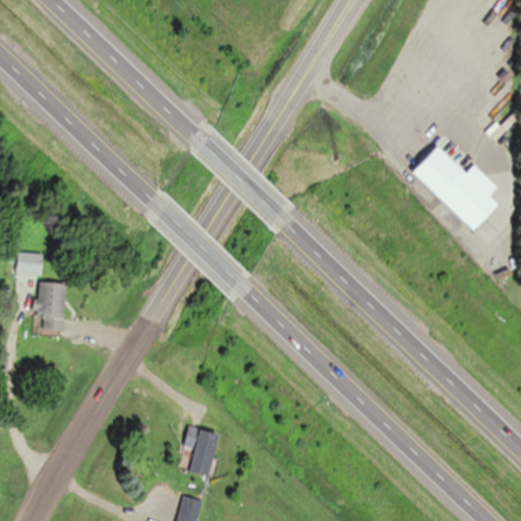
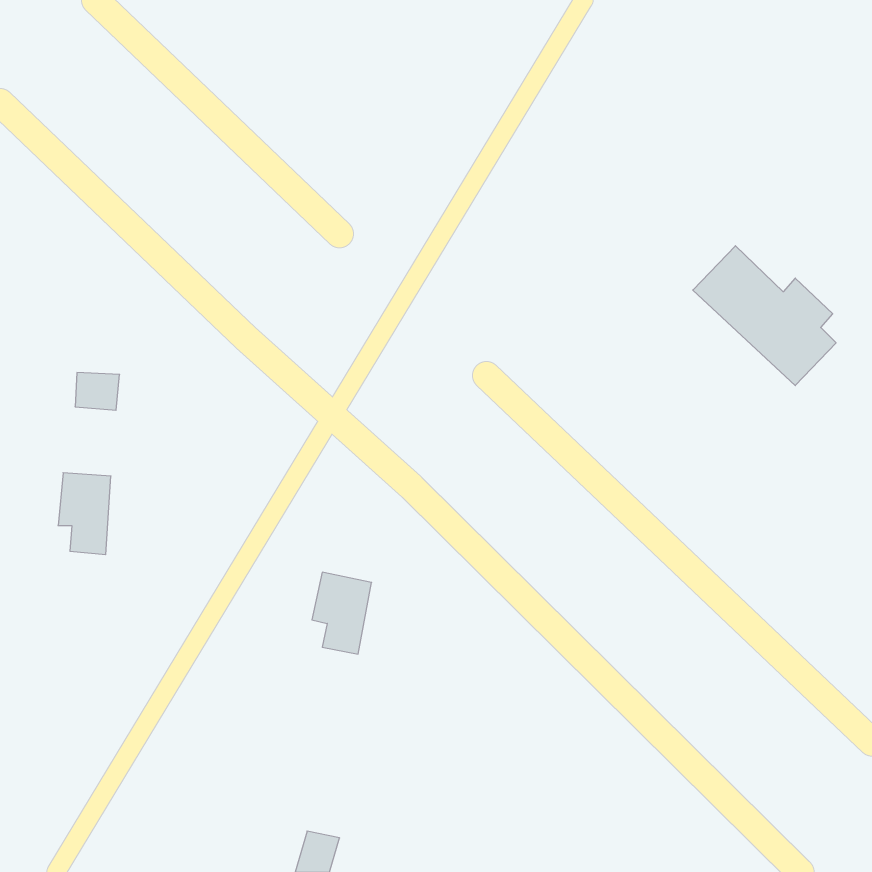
building: [16,252,43,275] -> [75,373,120,410]
building: [183,426,219,475] -> [312,572,372,654]

